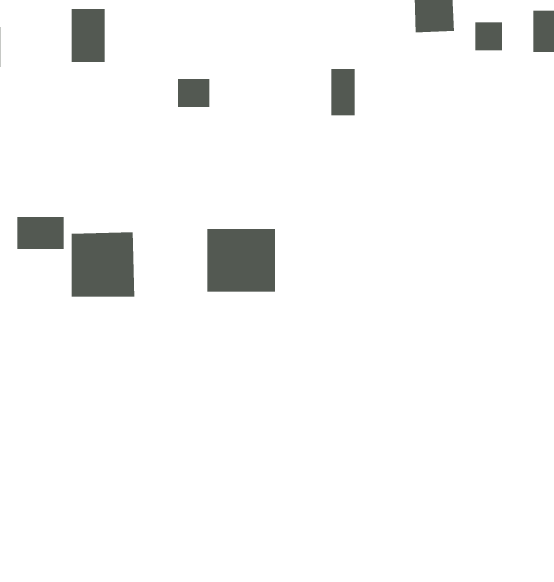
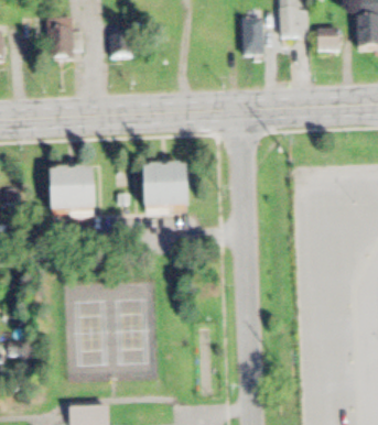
building: [331,68,355,116] -> [246,19,262,51]
building: [177,78,210,108] -> [112,32,134,52]
building: [17,216,65,250] -> none

